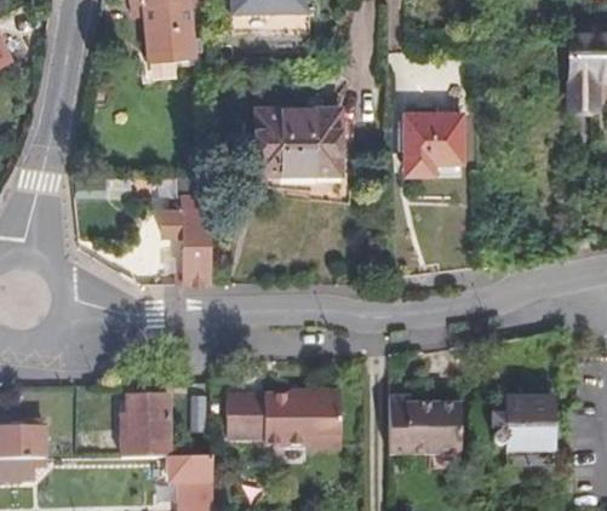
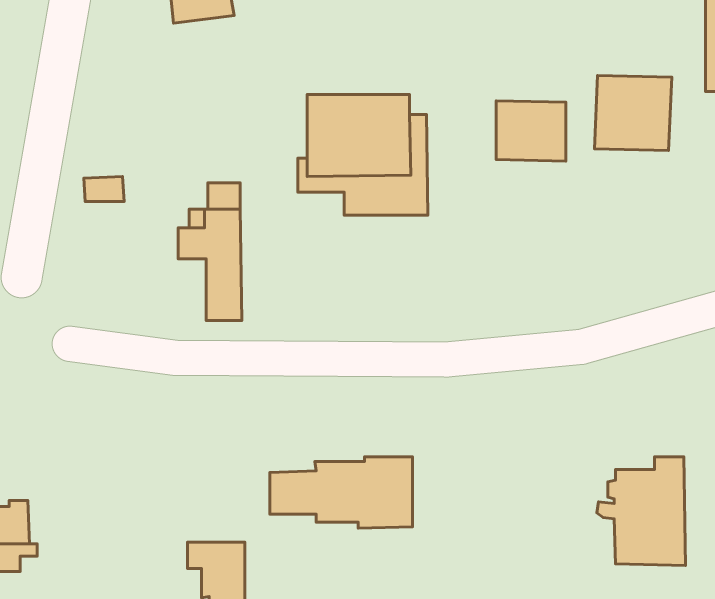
building: none -> [594,76,672,151]
building: [120,395,178,457] -> none
building: [390,398,459,449] -> none

